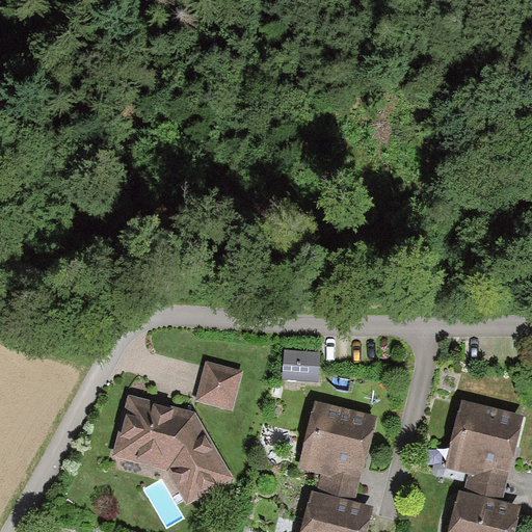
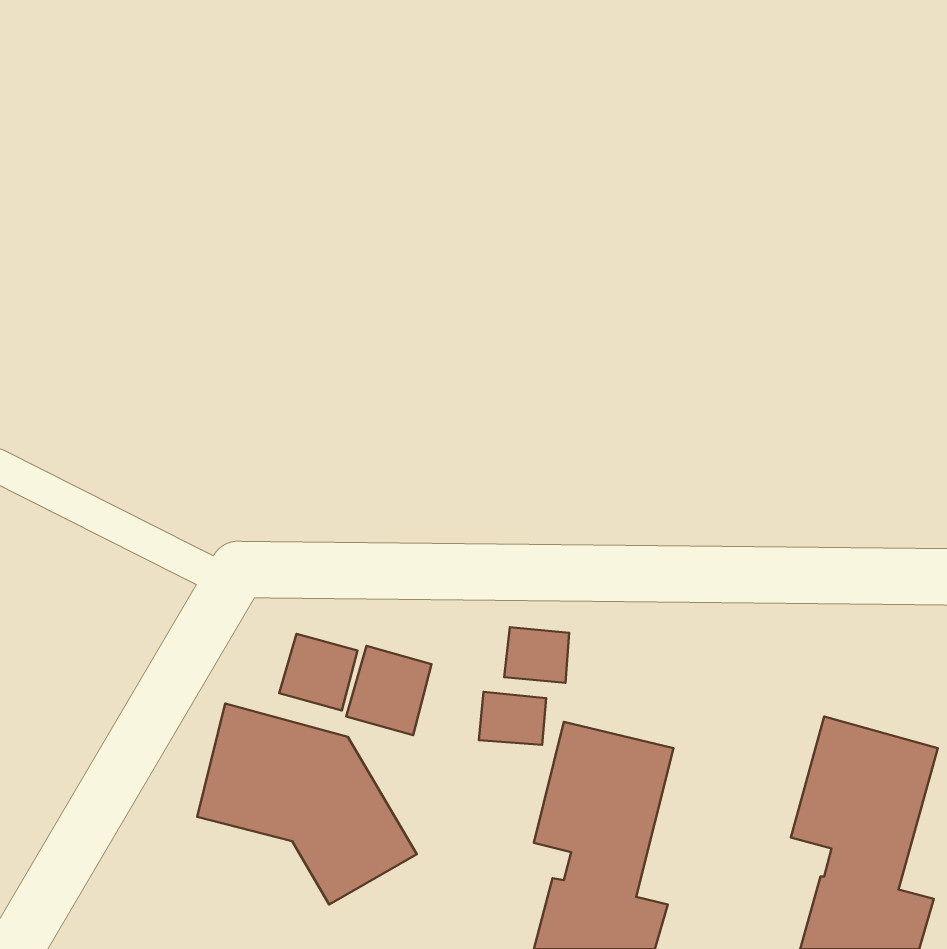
building: none -> [279,634,358,711]
building: none -> [479,692,546,745]

